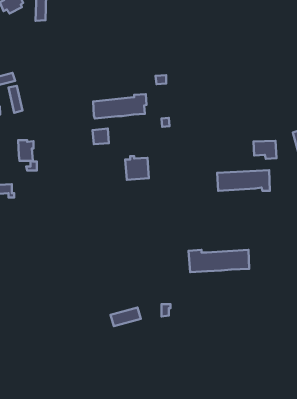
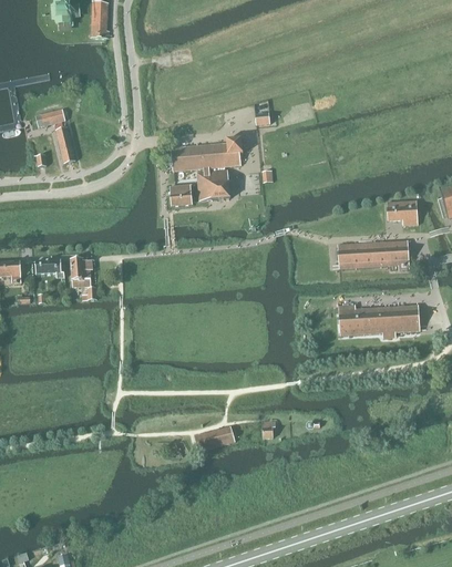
building: [18,140,37,171] -> [70,258,95,299]
building: [125,156,149,180] -> [196,167,228,199]
building: [188,250,249,272] -> [337,305,419,334]

